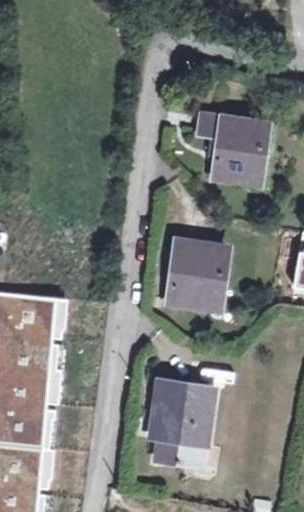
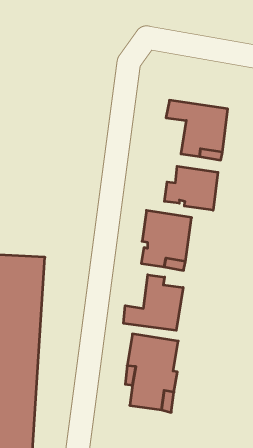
building: none -> [164,166,218,210]
building: none -> [124,275,183,330]

